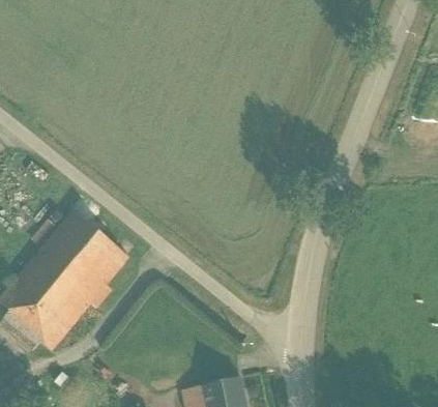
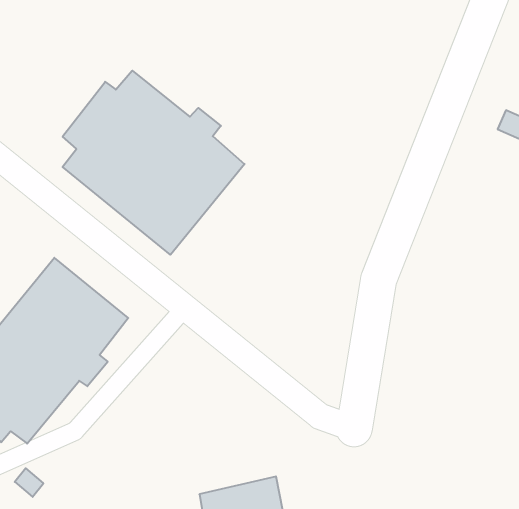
building: none -> [63,71,245,255]

